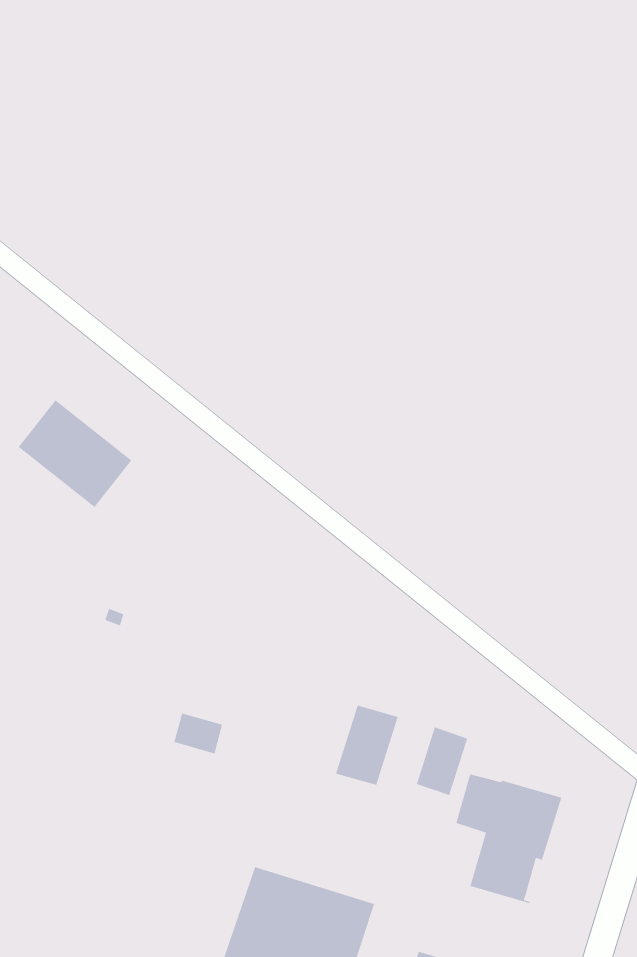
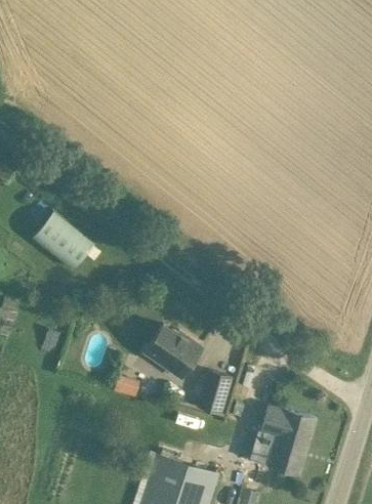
building: none -> [143,325,202,378]
building: [416,727,468,796] -> none

